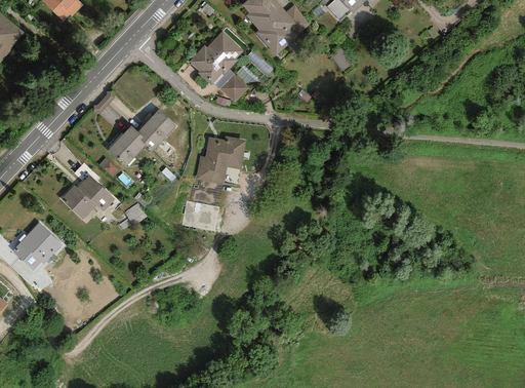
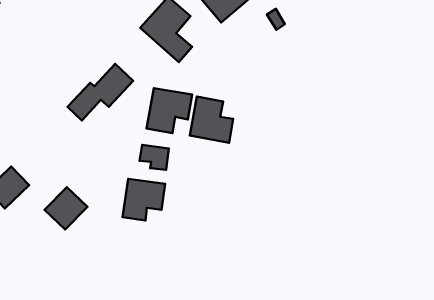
building: none -> [190,97,233,143]
building: [62,173,111,222] -> [45,187,88,229]
building: none -> [122,179,165,220]

